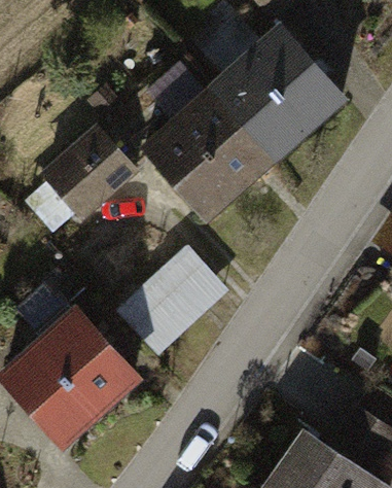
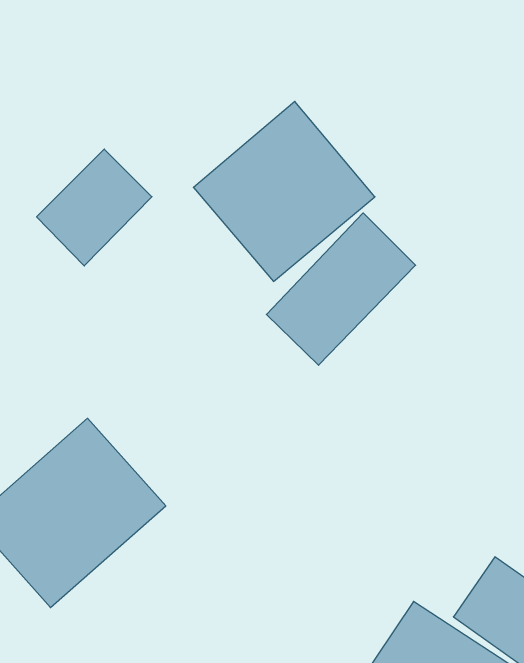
building: [220,42,341,163] -> none
building: [123,248,223,350] -> [266,213,416,365]

